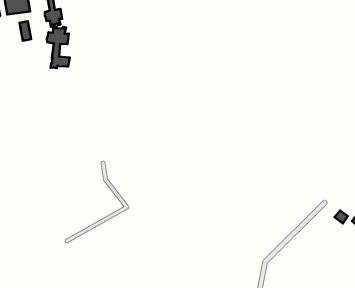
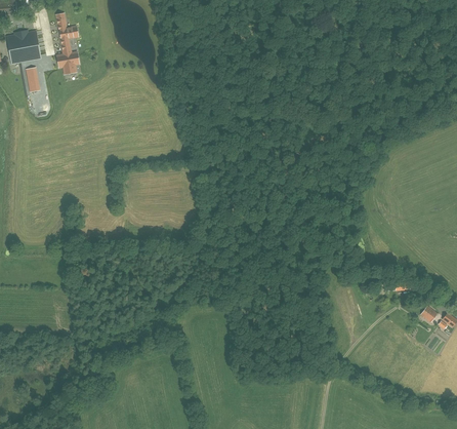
building: [47,26,70,68] -> none

